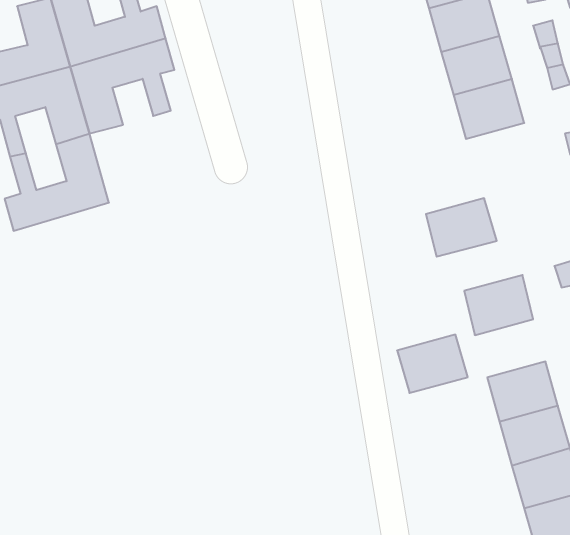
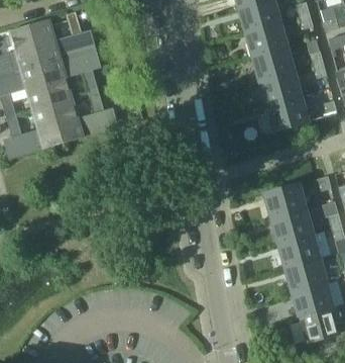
building: none -> [52,90,118,143]
building: [426,198,497,257] -> [267,97,308,130]
building: [397,335,468,393] -> [272,209,313,243]

